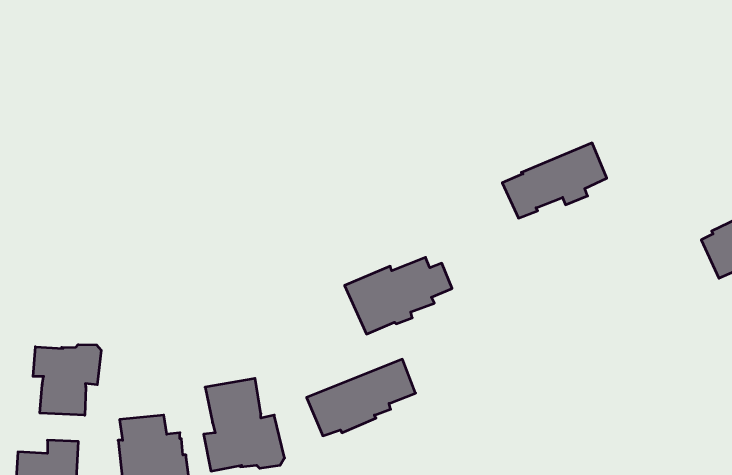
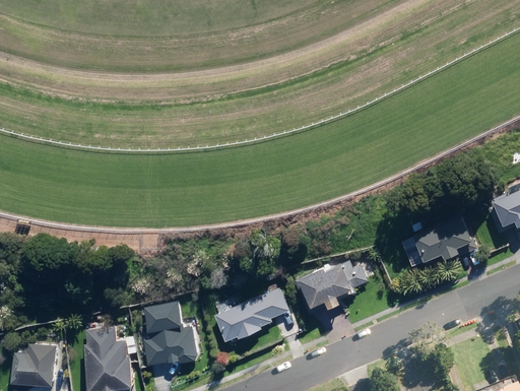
building: [502,143,607,218] -> [401,214,473,266]
building: [345,257,452,334] -> [295,260,369,313]
building: [33,345,101,415] -> none

